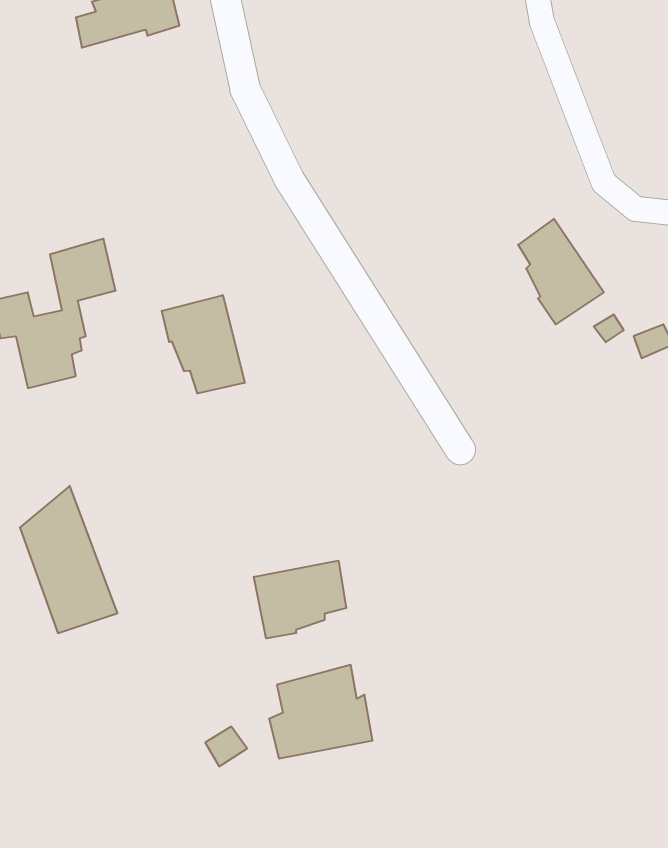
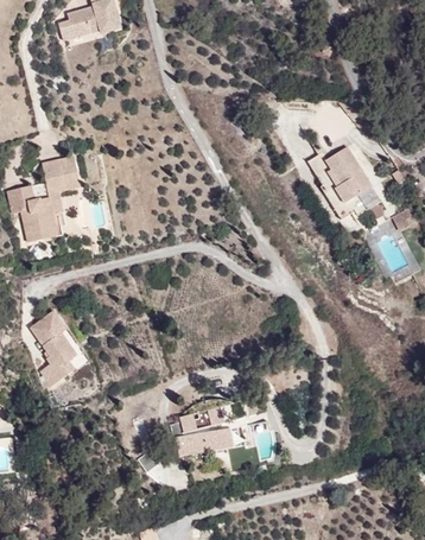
building: [162,295,245,393] -> none
building: [254,561,346,638] -> none

